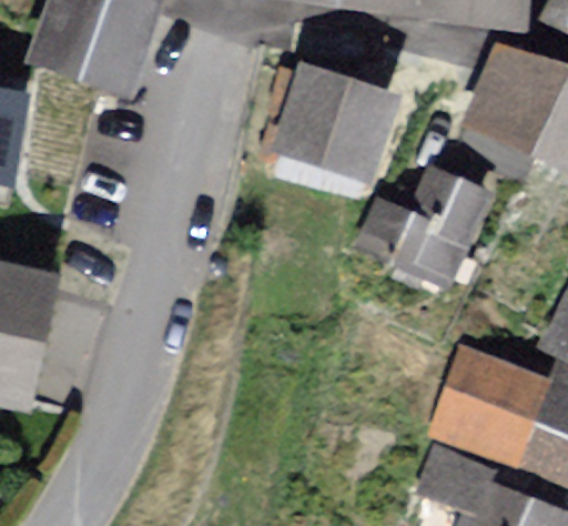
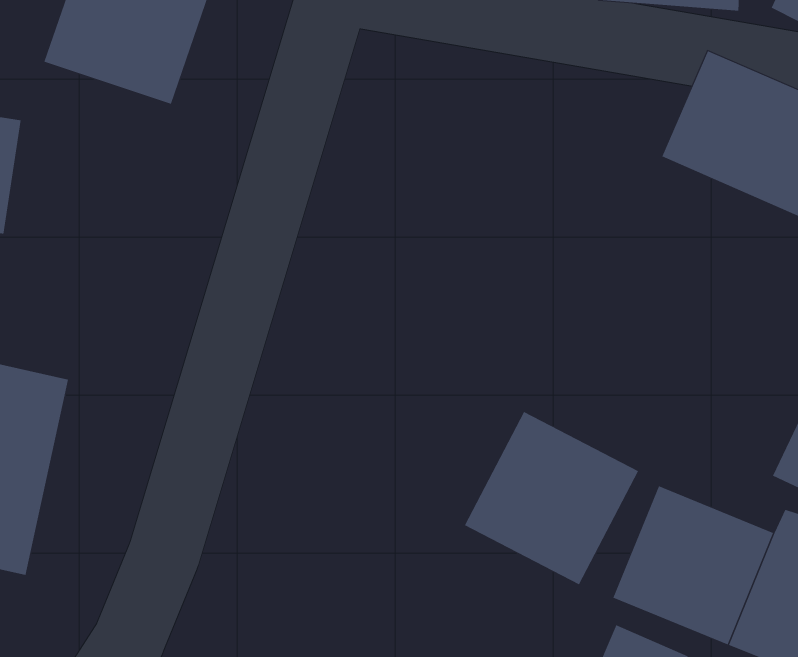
building: [271,60,395,180] -> none
building: [355,164,491,284] -> none
building: none -> [464,411,639,585]

